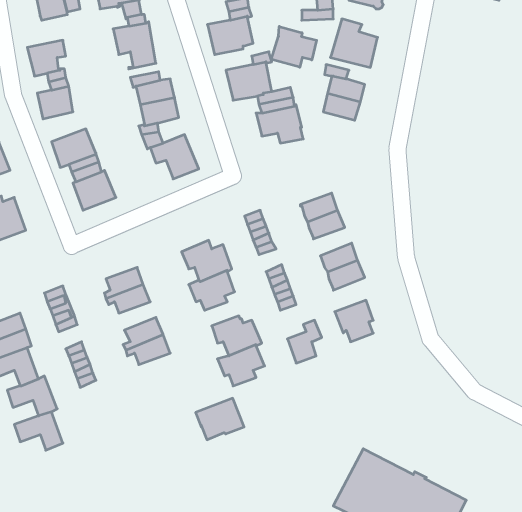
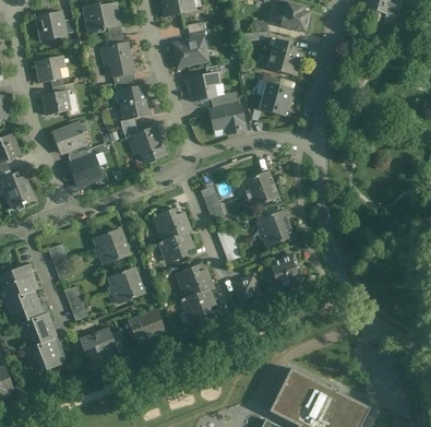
building: [271,26,317,67] -> none
building: none -> [79,329,116,358]
building: [196,398,244,440] -> [127,310,164,342]

